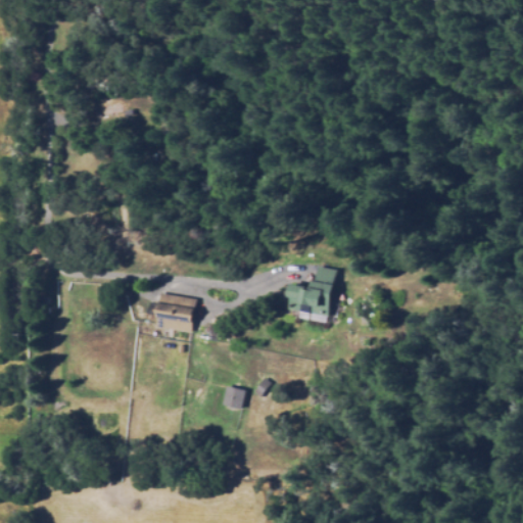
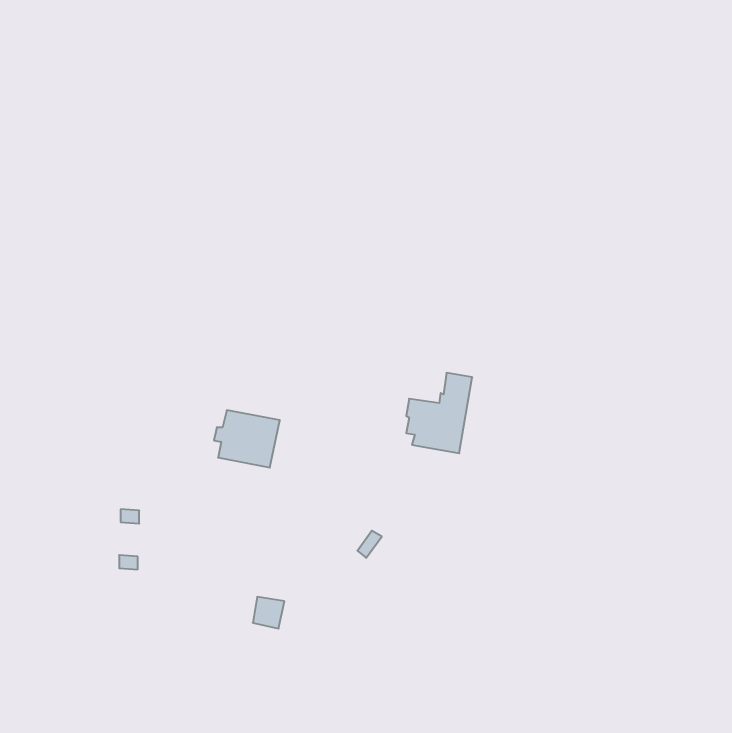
building: [224,386,246,409] -> [253,597,284,629]

